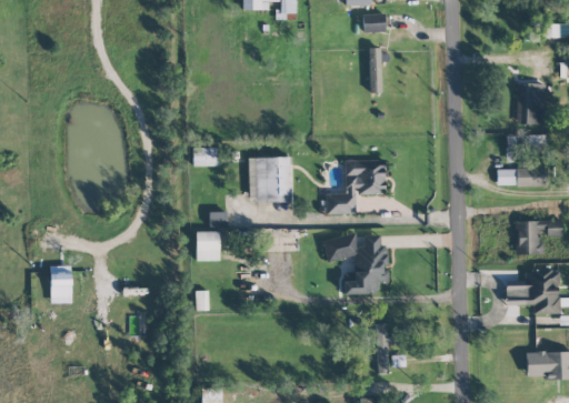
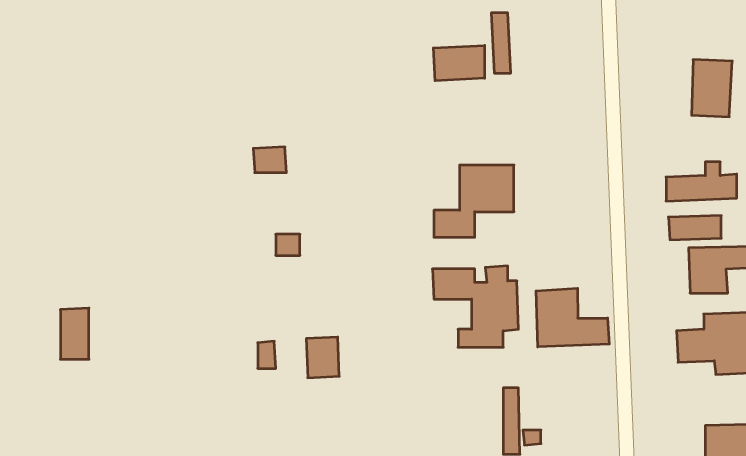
building: none -> [433,45,485,81]
building: [507,134,546,152] -> [668,216,721,240]
building: [249,157,292,201] -> none
building: [197,231,221,261] -> [306,337,339,378]
building: none -> [536,288,609,347]

